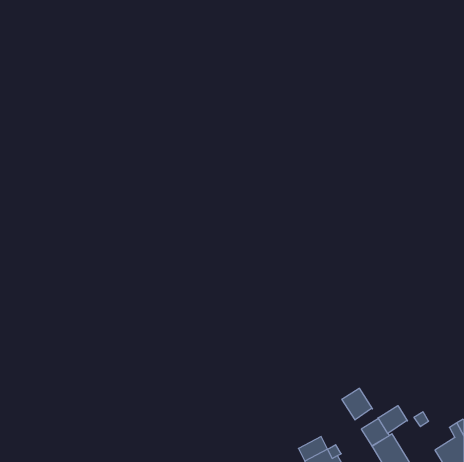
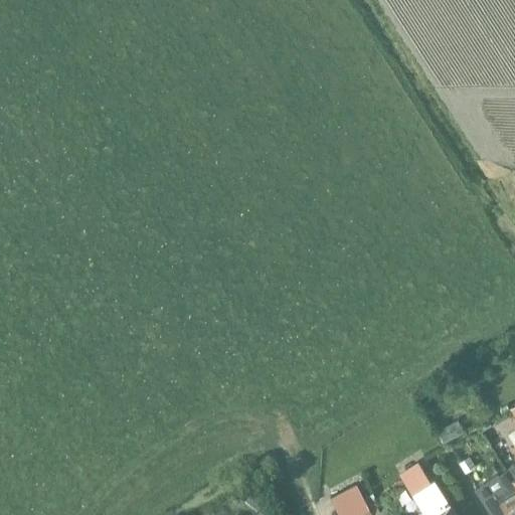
building: [342,388,372,420] -> none
building: [378,406,407,433] -> none

